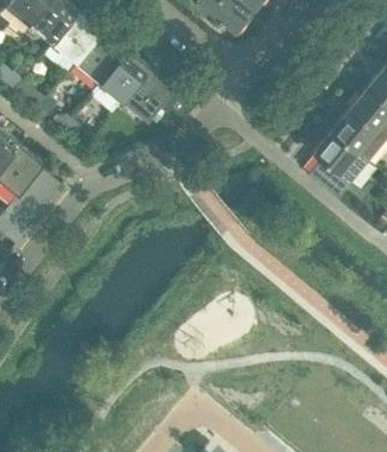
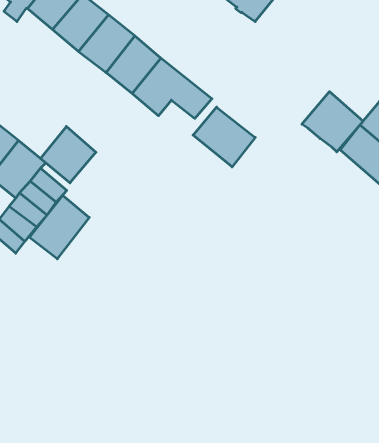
building: none -> [302,92,363,152]
building: none -> [193,107,255,167]
building: none -> [40,126,96,183]
building: none -> [29,196,89,259]

